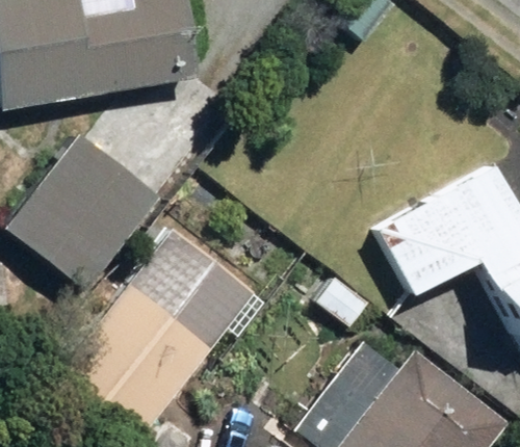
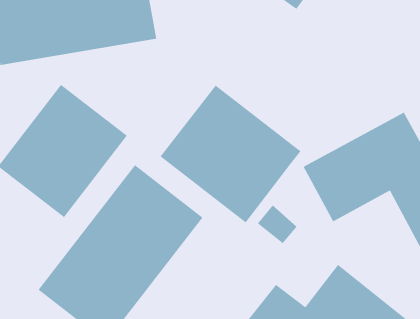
building: none -> [160,84,302,223]

